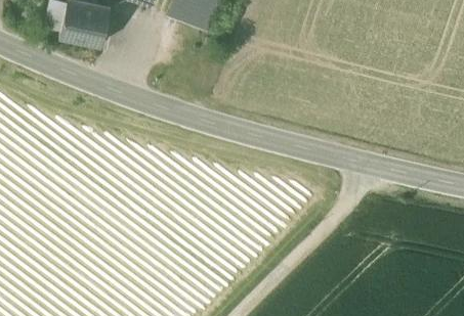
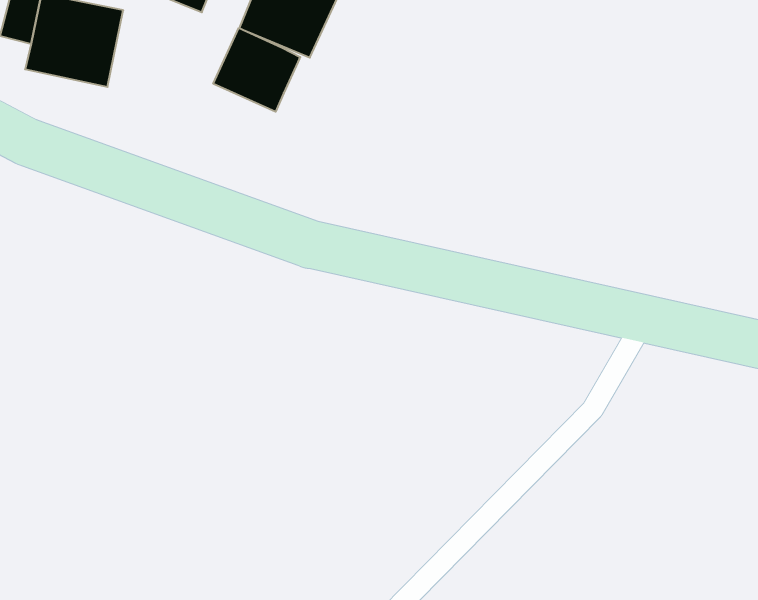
building: none -> [213,28,300,112]

